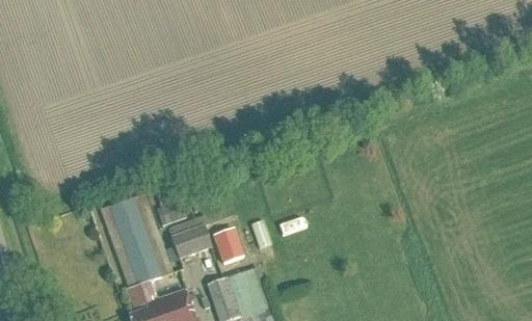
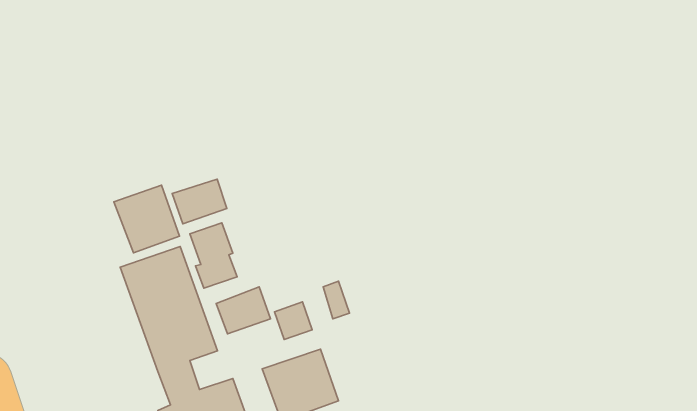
building: none -> [172,179,227,224]
building: none -> [114,185,179,253]

